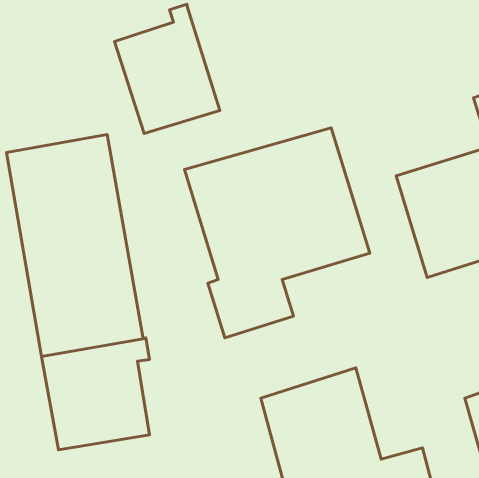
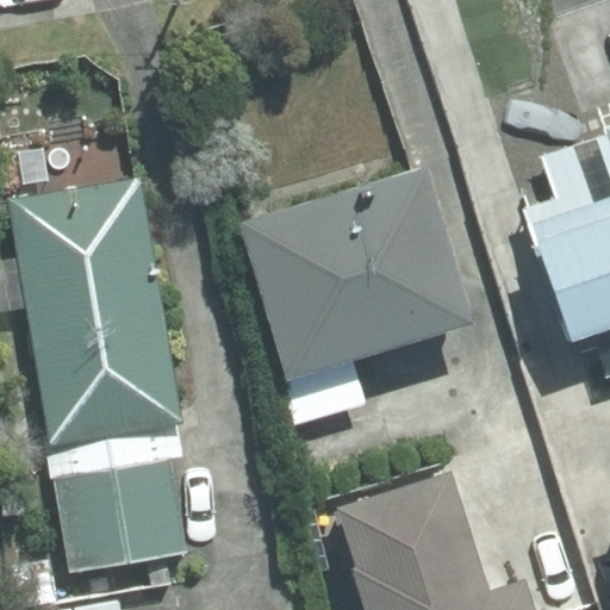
building: [115,4,220,134] -> none

